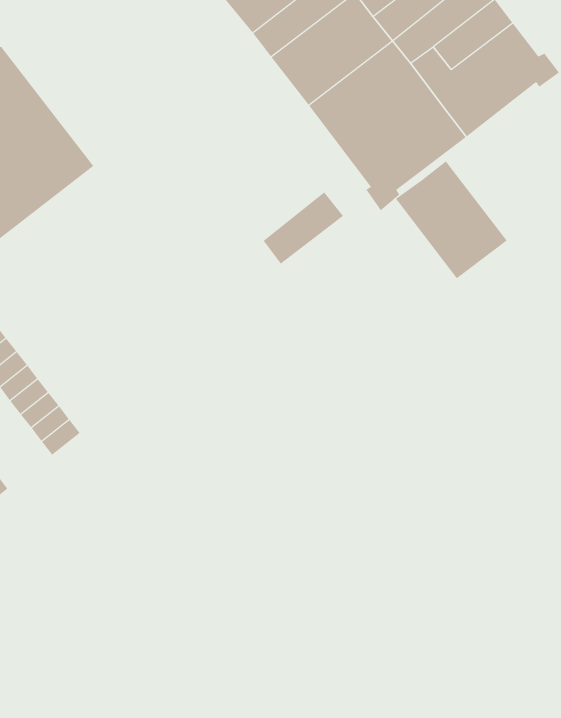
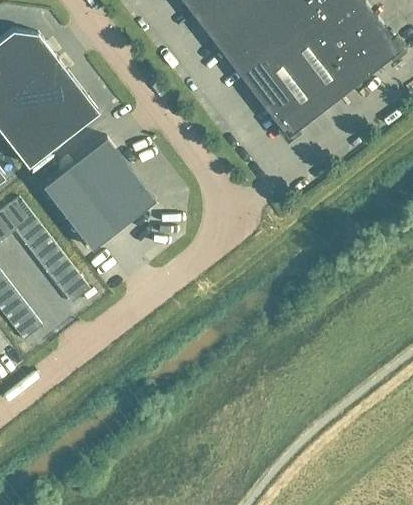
building: [395,160,508,279] -> none
building: [263,192,344,265] -> none
building: none -> [43,137,155,249]

